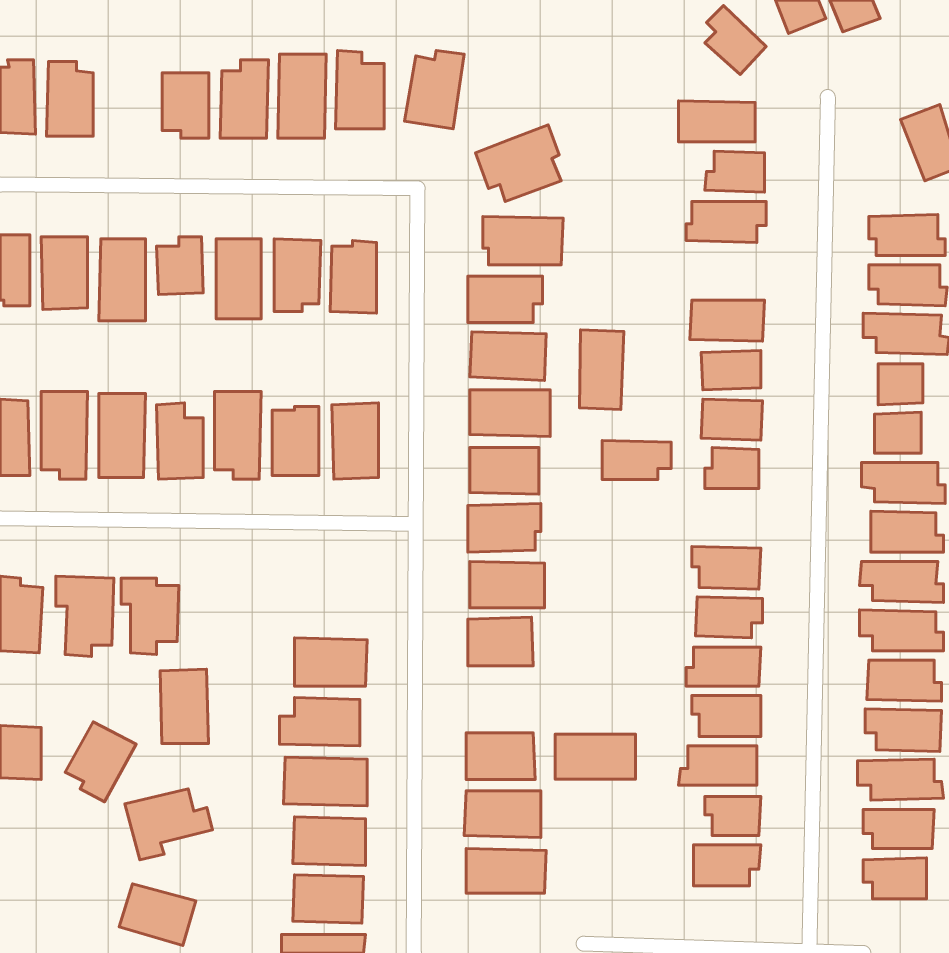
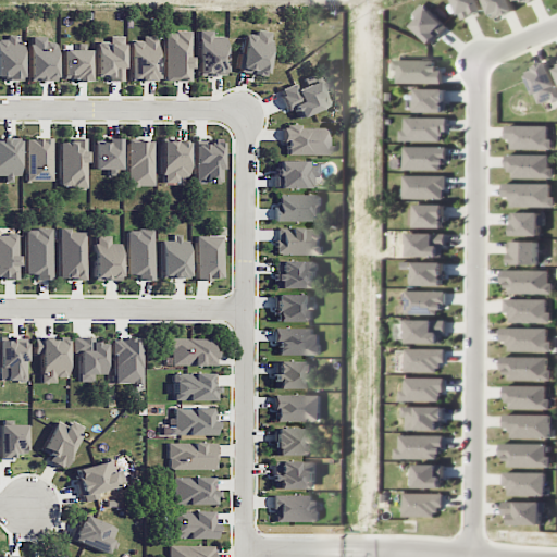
building: none -> [63,49,90,79]
building: none -> [406,146,447,170]
building: [579,330,624,409] -> none
building: [602,440,671,480] -> [408,290,448,313]
building: none -> [170,337,216,366]
building: [160,669,209,744] -> [114,339,143,383]
building: [555,734,636,779] -> [275,395,322,421]

